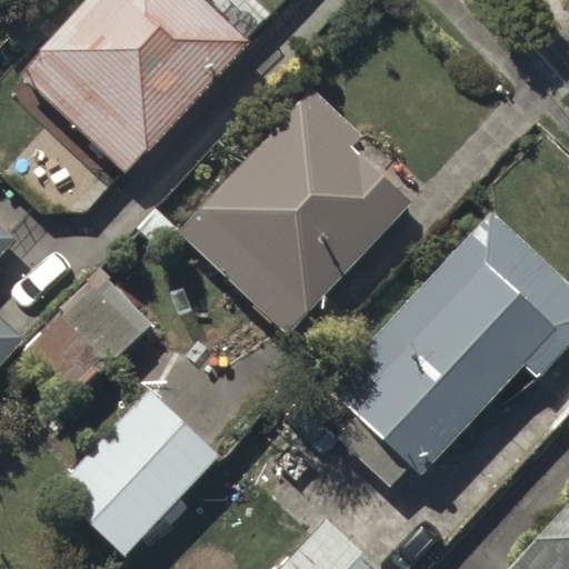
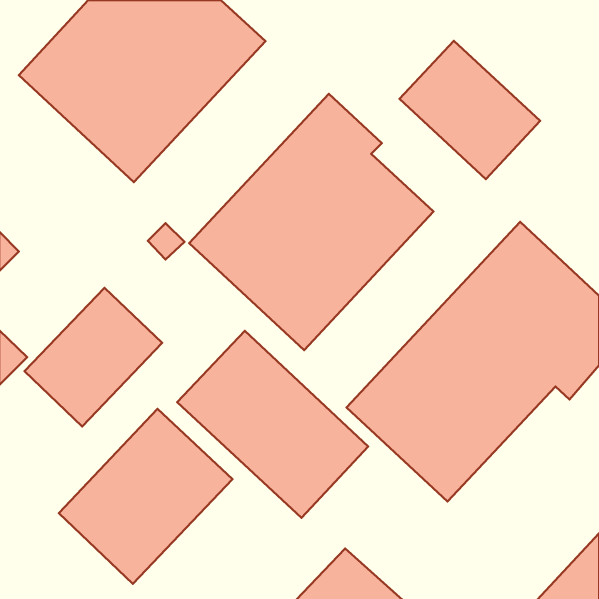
building: none -> [400,41,540,179]
building: none -> [177,331,368,518]

